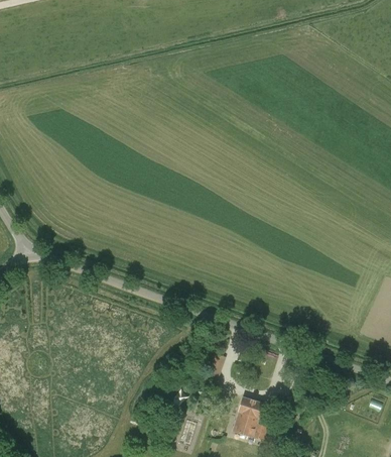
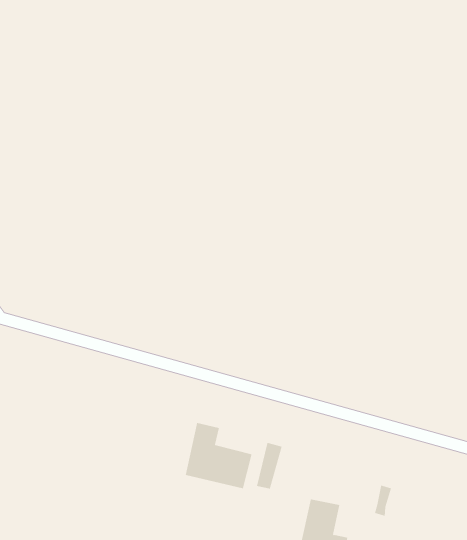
building: none -> [185,422,252,489]

